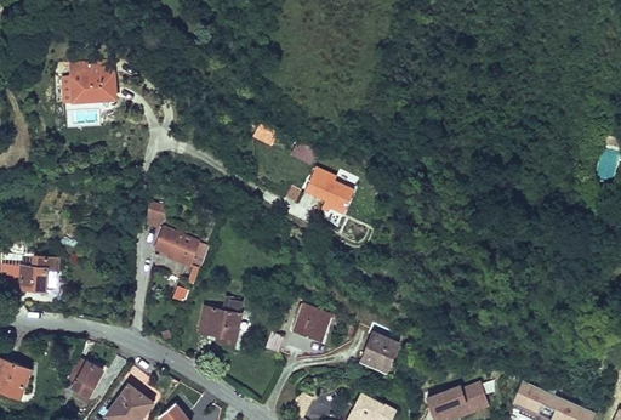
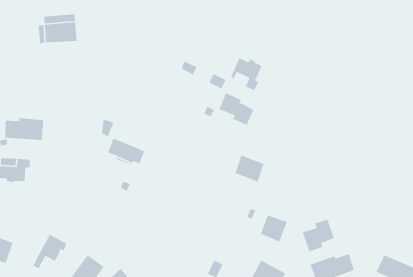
building: none -> [230,57,262,91]
building: none -> [4,118,44,141]
building: [200,299,244,342] -> none
building: [292,305,332,342] -> [235,154,264,182]
building: none -> [302,219,335,252]

